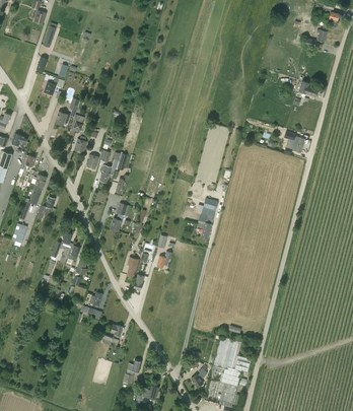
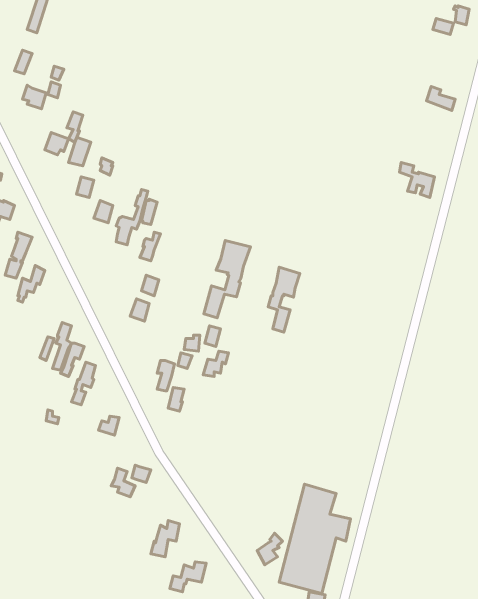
building: none -> [204,240,250,318]

